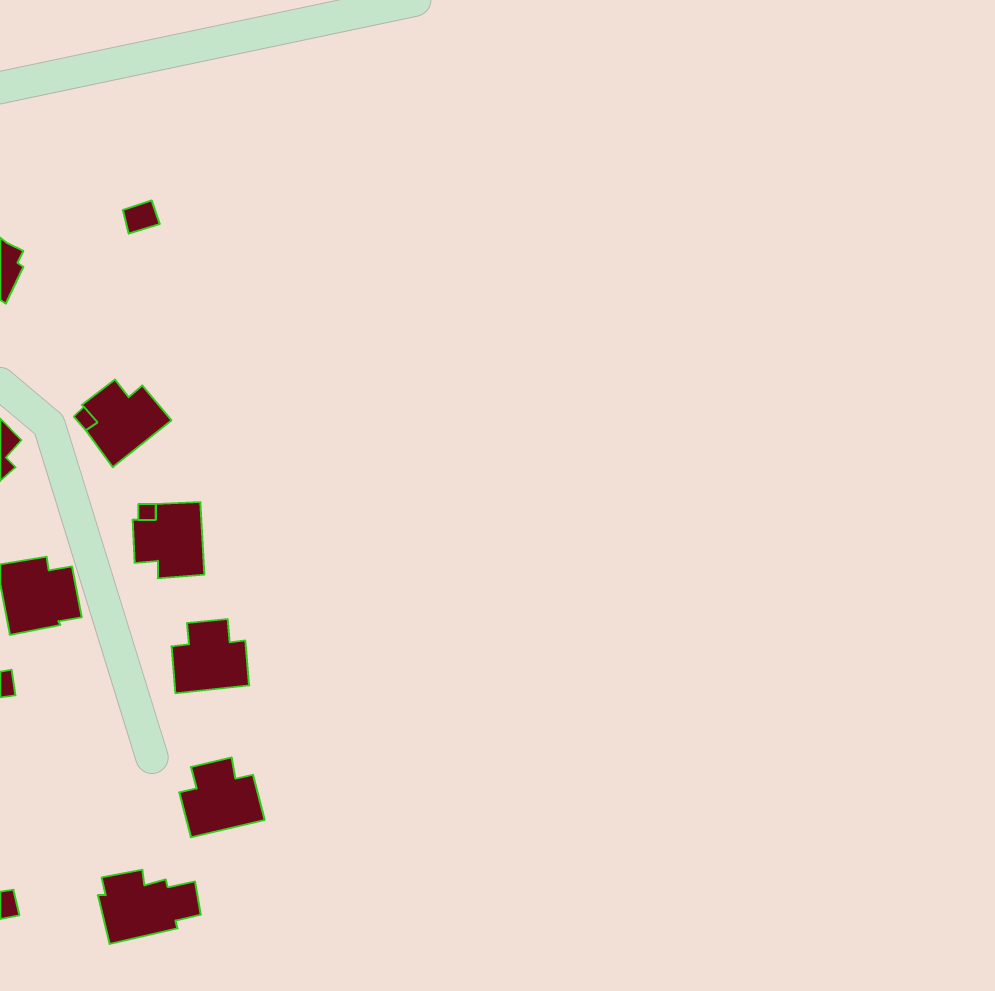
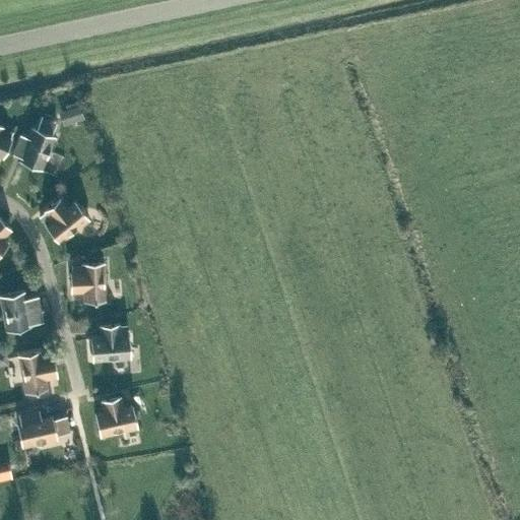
building: none -> [11,117,57,172]
building: none -> [16,352,57,394]
building: [98,870,201,944] -> [15,411,69,450]

